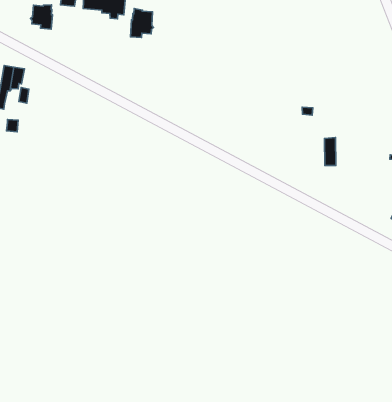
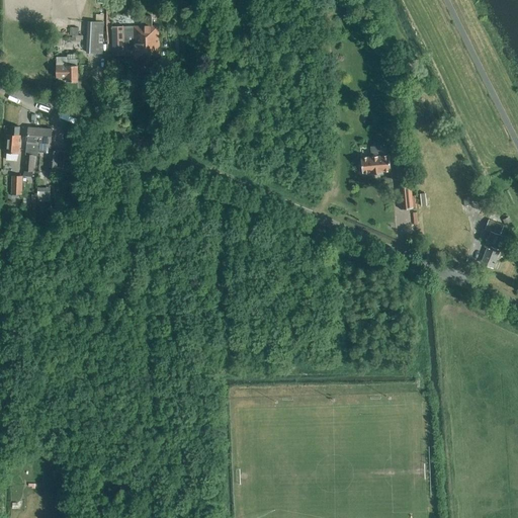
building: [130,8,153,37] -> none
building: none -> [360,155,391,174]

